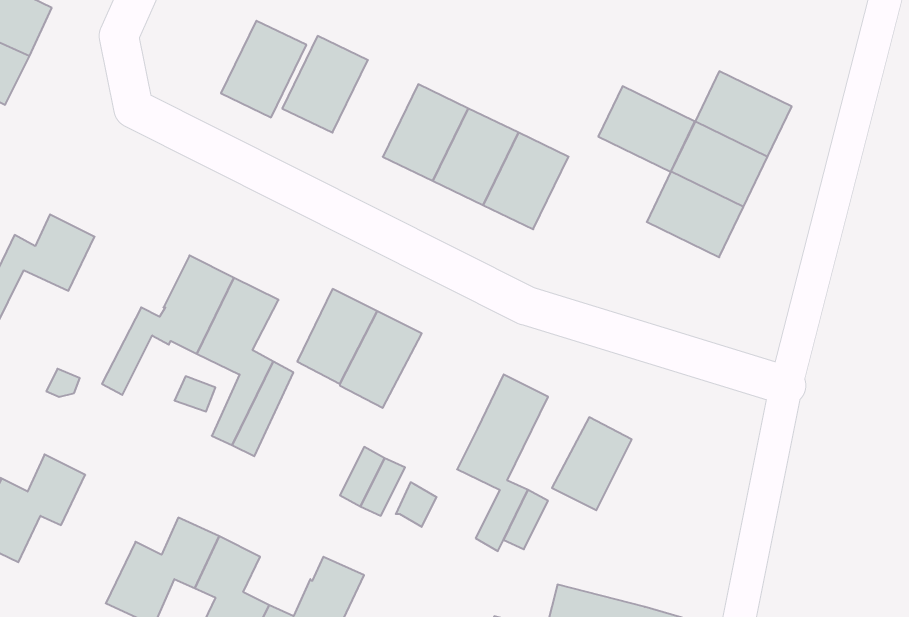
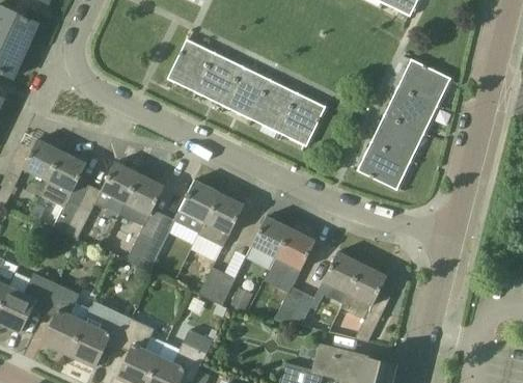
building: [221,21,306,117] -> [194,52,242,106]
building: [598,86,695,172] -> [356,142,410,190]
building: none -> [39,151,87,232]
building: none -> [251,215,290,257]
building: none -> [340,264,386,341]
building: none -> [42,283,89,355]

